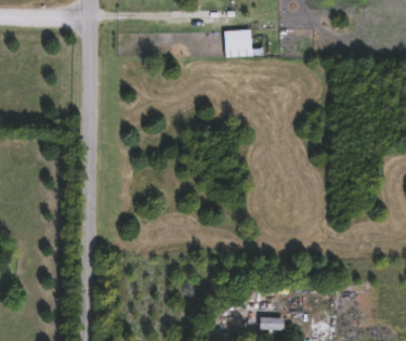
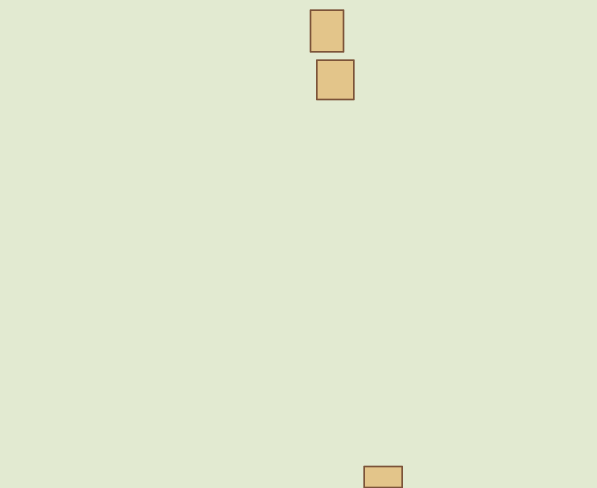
building: none -> [317,60,354,99]

